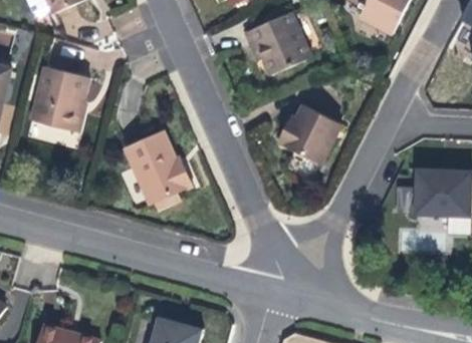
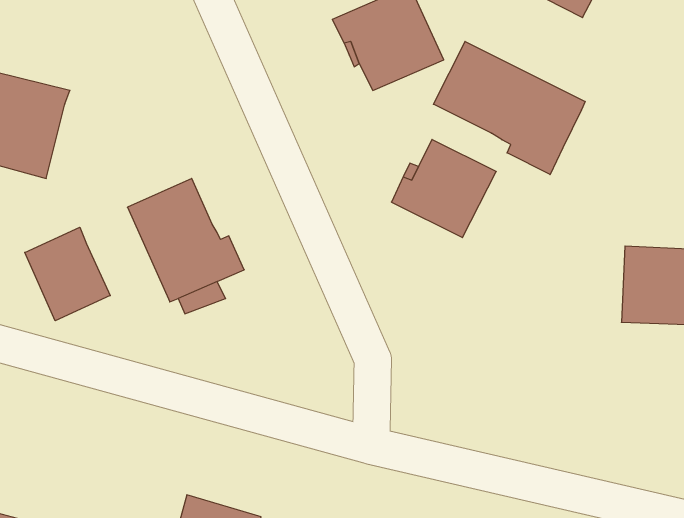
building: none -> [433,41,585,175]
building: none -> [25,227,110,321]

